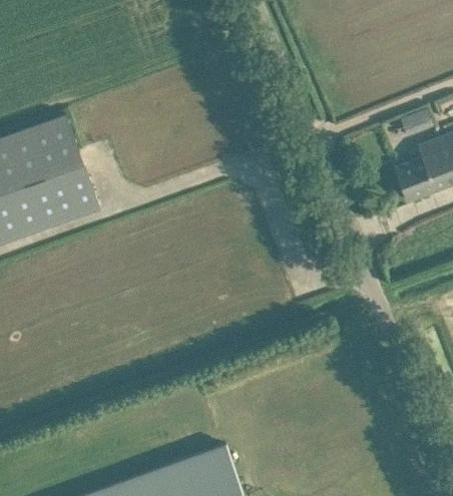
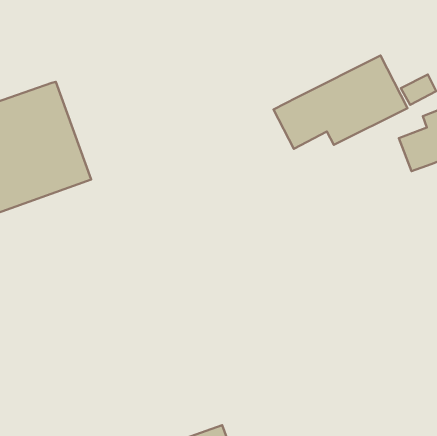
building: none -> [274,56,408,149]

